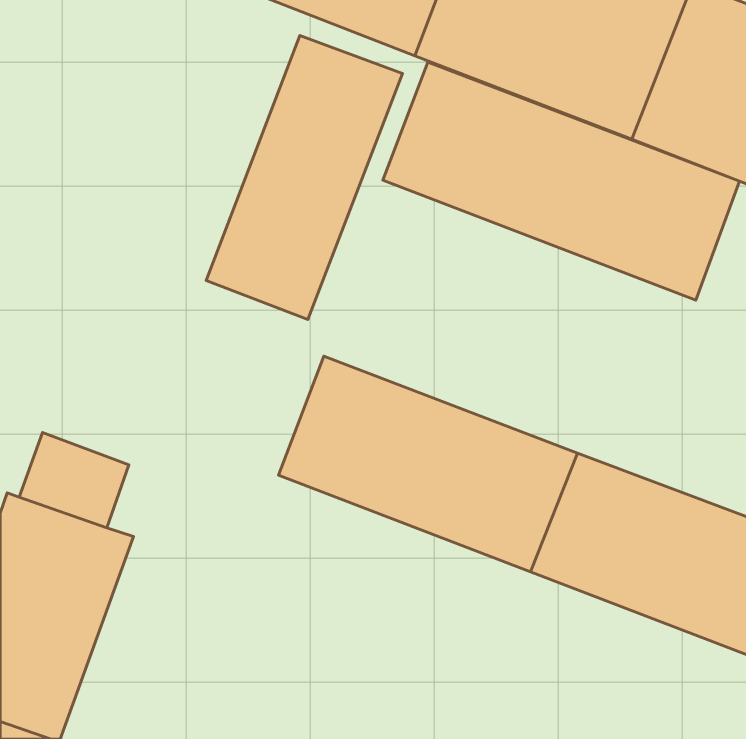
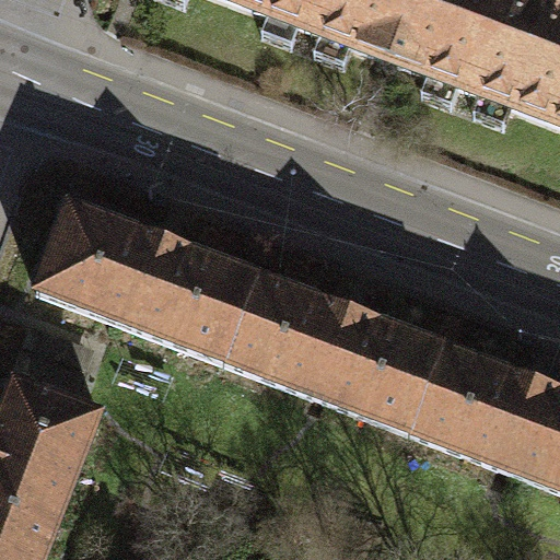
building: [206,35,402,319] -> none
building: [383,62,740,300] -> none
building: none -> [22,194,244,354]

